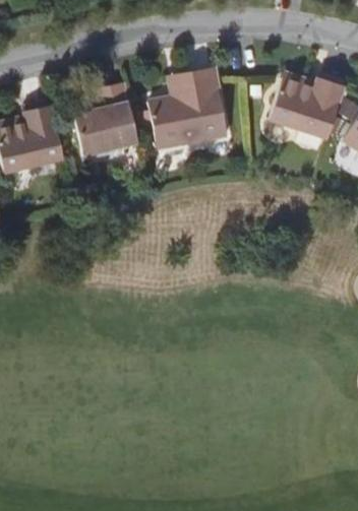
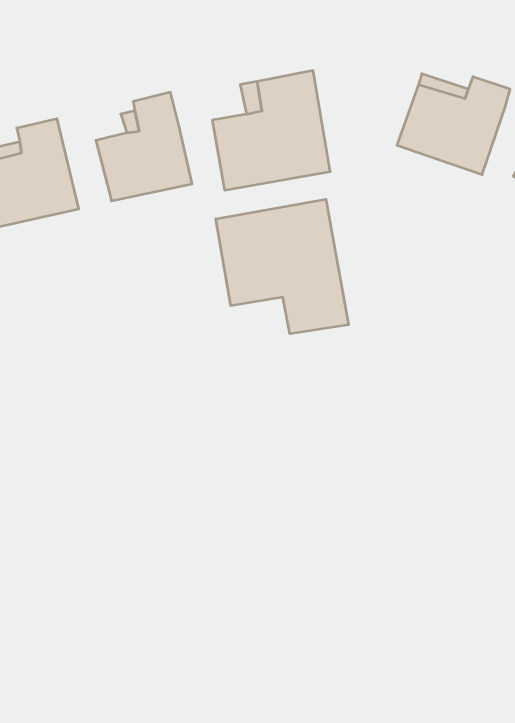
building: none -> [216,199,349,334]

